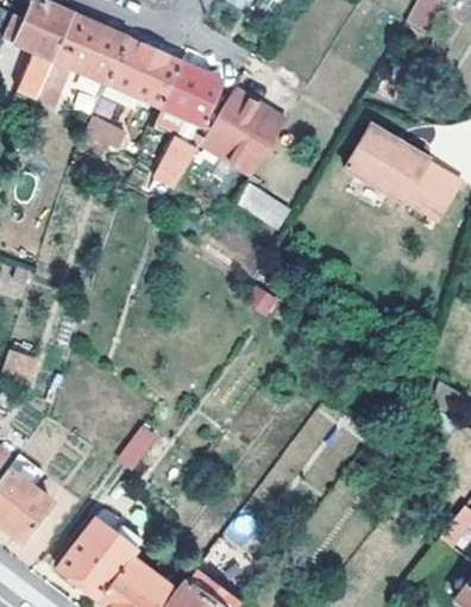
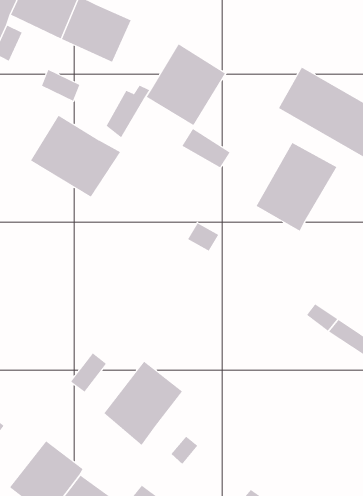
building: [165,67,227,130] -> none
building: none -> [30,115,121,198]
building: none -> [256,142,337,231]
building: none -> [103,361,183,446]

